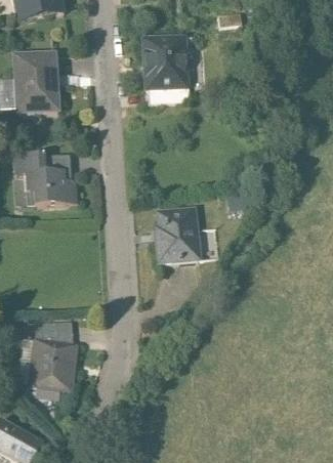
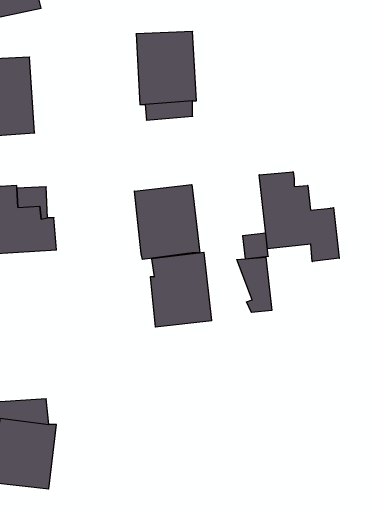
building: none -> [259,172,339,262]
building: none -> [134,185,200,259]
building: none -> [237,257,272,312]

